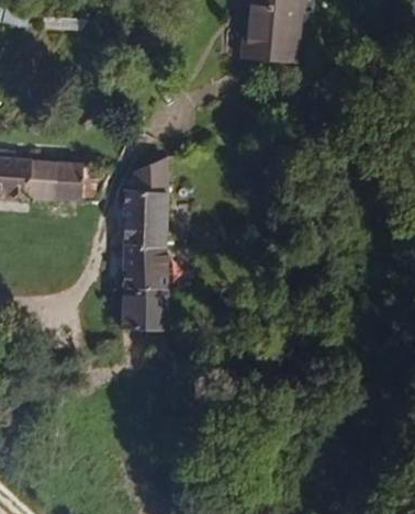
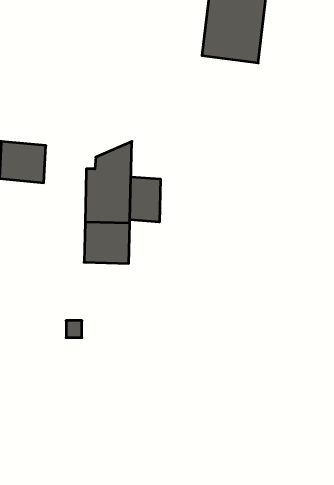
building: none -> [130,177,160,222]
building: [120,282,167,326] -> none

